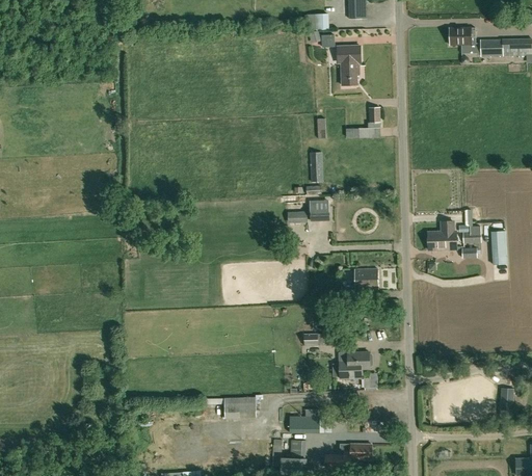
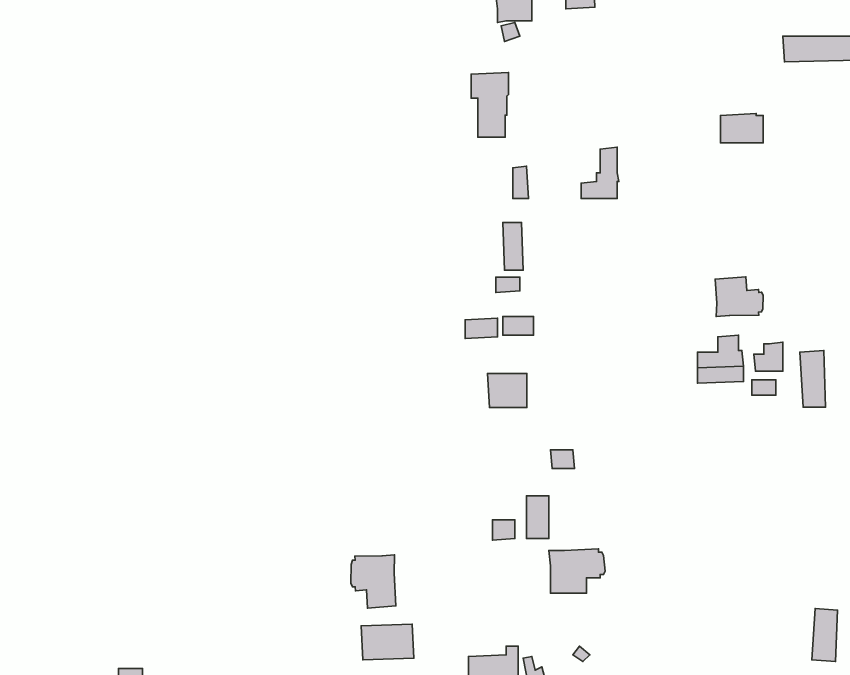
building: [449,26,475,44] -> [720,114,763,143]
building: [337,45,360,84] -> [471,72,509,137]
building: none -> [715,277,763,317]
building: [353,268,377,289] -> [488,373,527,408]
building: none -> [351,555,396,608]

